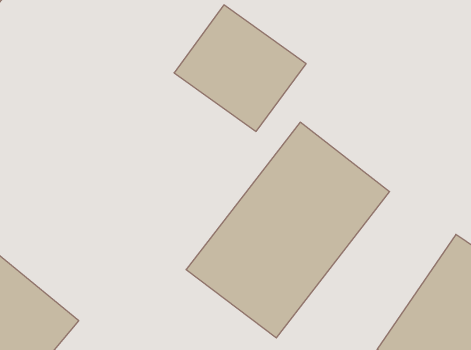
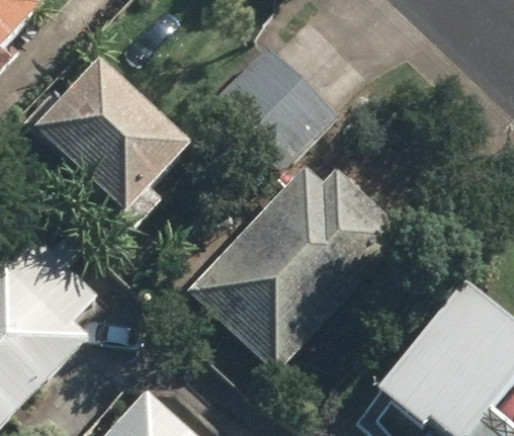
building: none -> [34,60,194,217]

